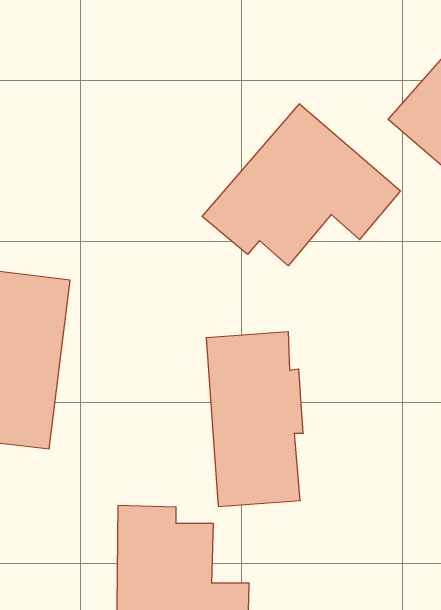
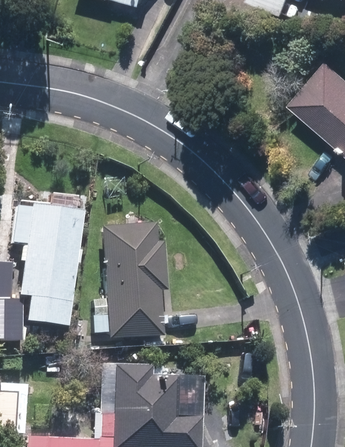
building: [202,104,401,266] -> none
building: [206,332,303,506] -> [101,222,166,339]

